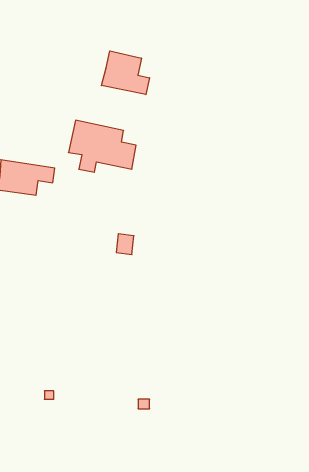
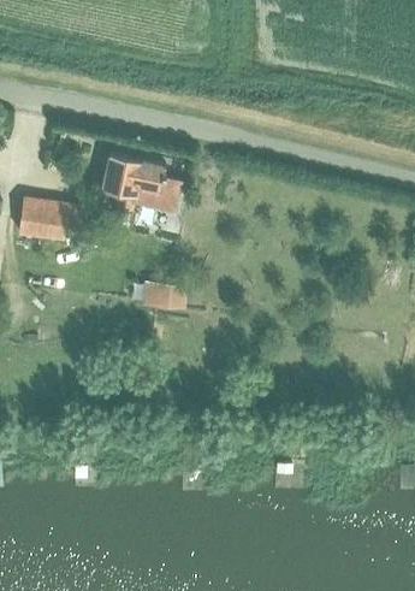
building: [101,51,150,95] -> none

